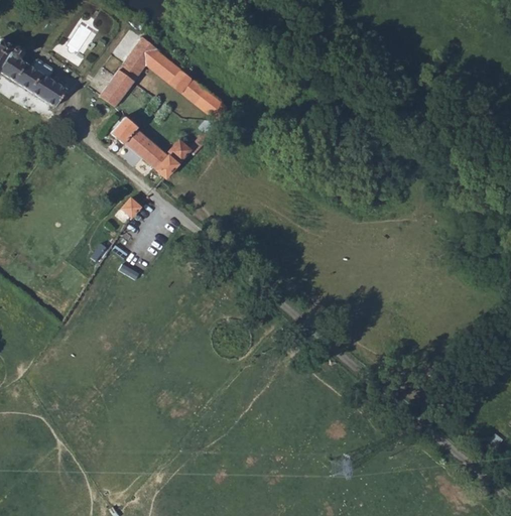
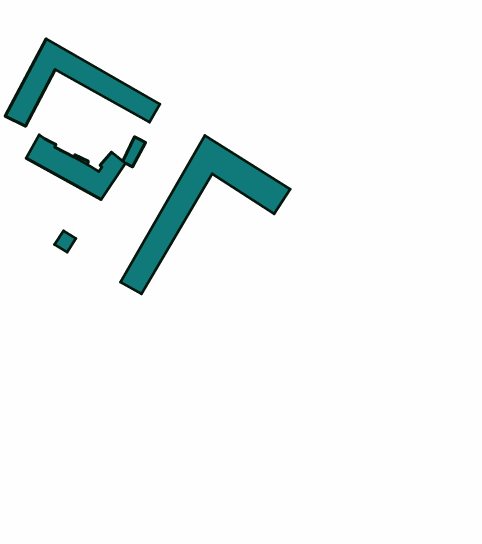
building: none -> [121,136,290,294]

